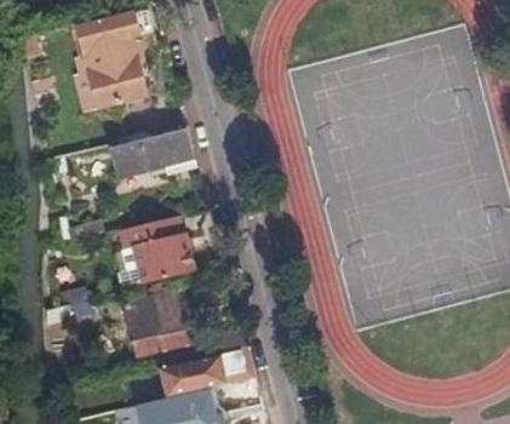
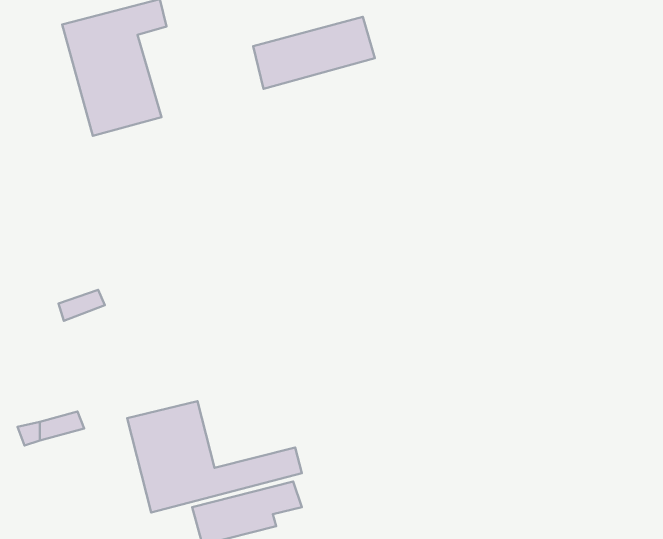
building: [108,125,194,176] -> [253,17,375,89]
building: [119,216,194,286] -> none

